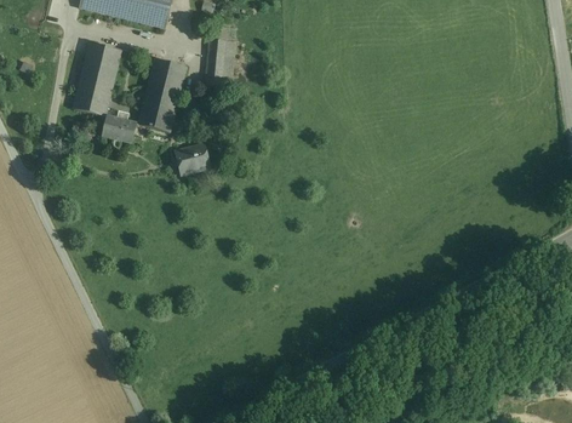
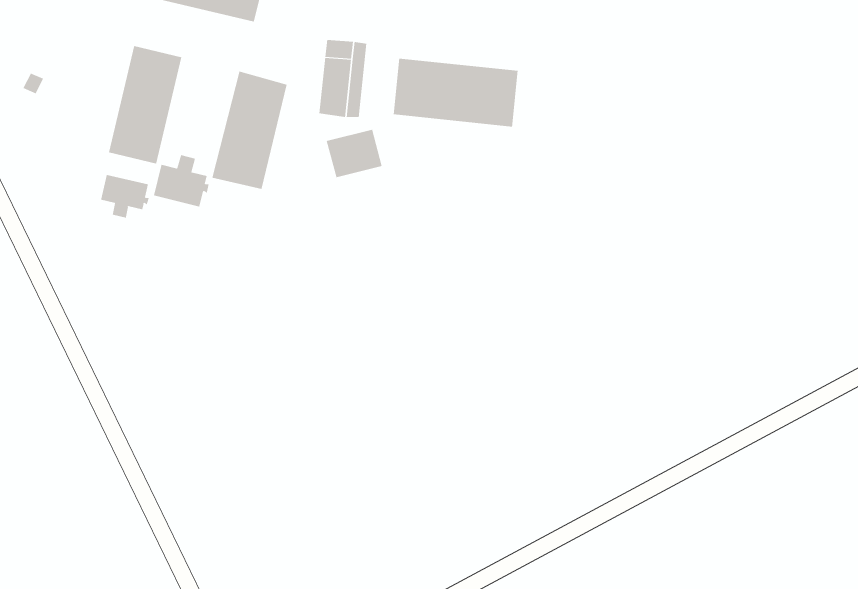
building: none -> [393,58,518,127]
building: none -> [100,174,149,218]
building: [175,143,210,173] -> [326,129,382,178]

